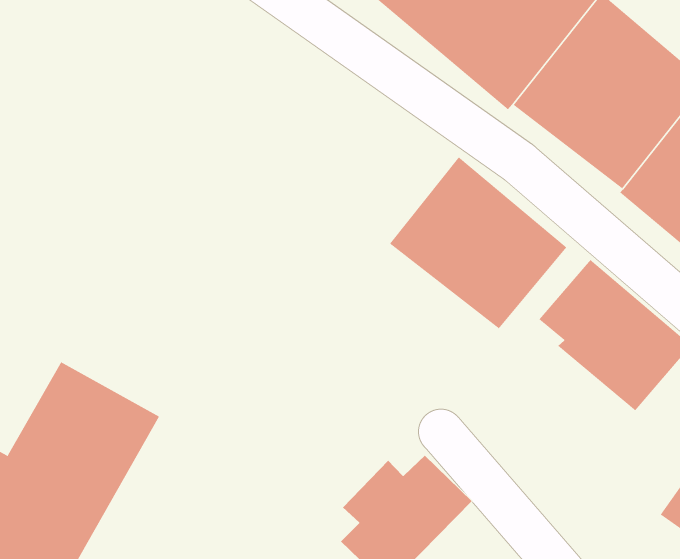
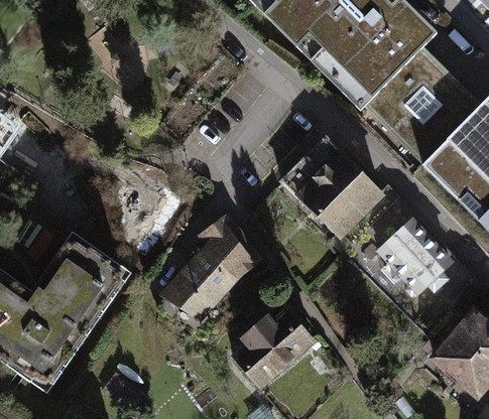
building: none -> [158,214,263,323]

